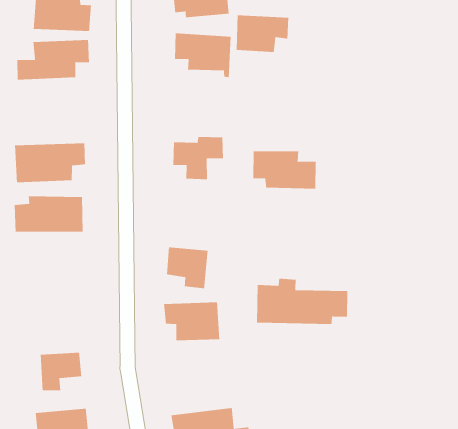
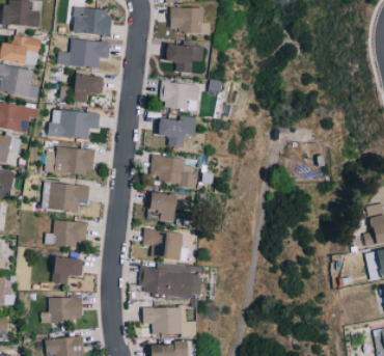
building: [236,15,289,53] -> [161,81,200,110]
building: none -> [61,75,105,102]
building: [253,151,316,189] -> [150,156,196,187]
building: none -> [42,182,90,211]
building: [256,278,348,325] -> [138,263,204,299]
building: none -> [46,221,87,246]

